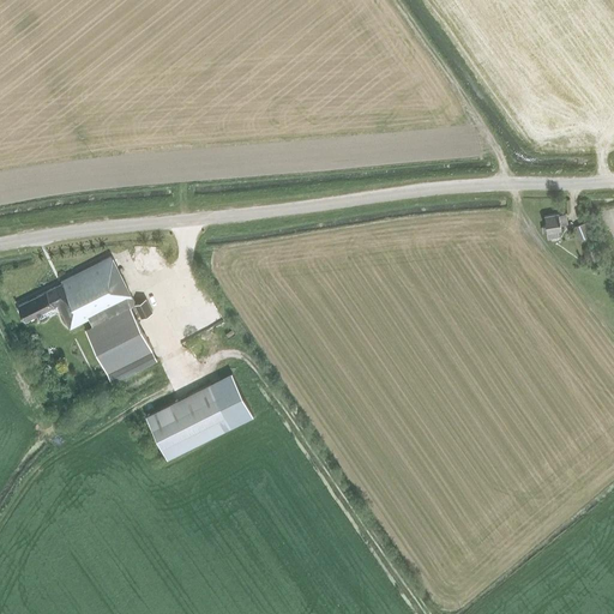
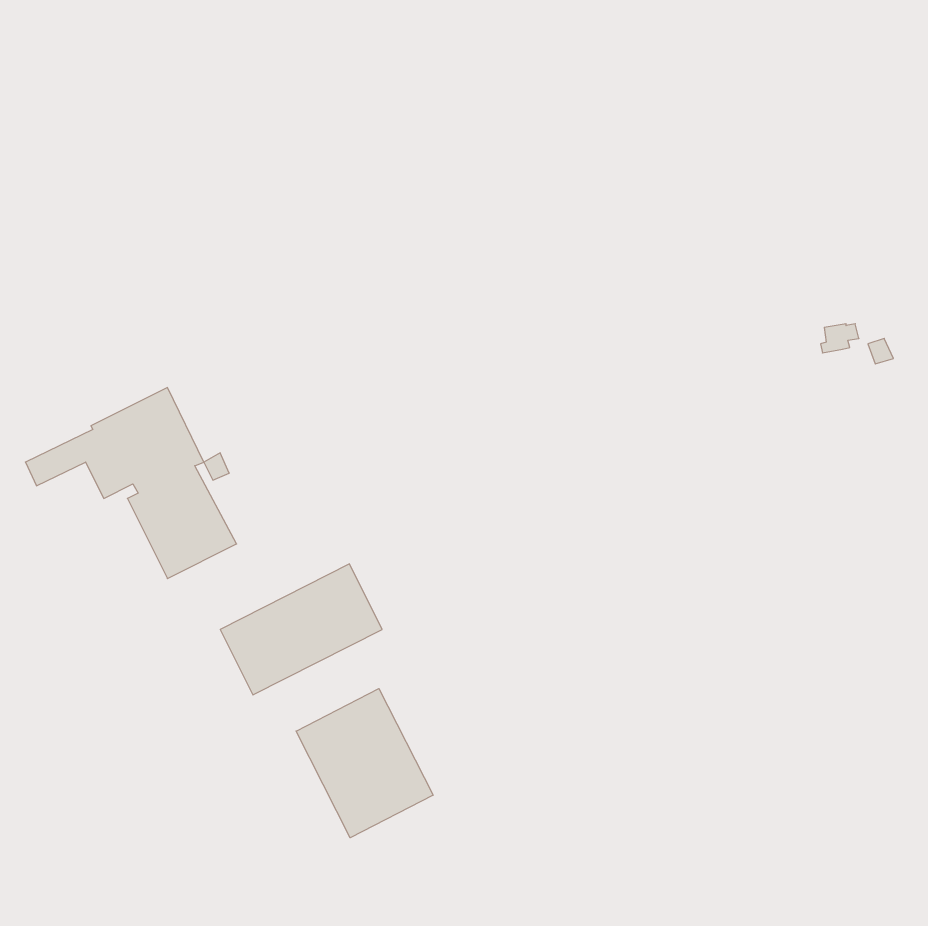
building: none -> [296,689,433,838]

